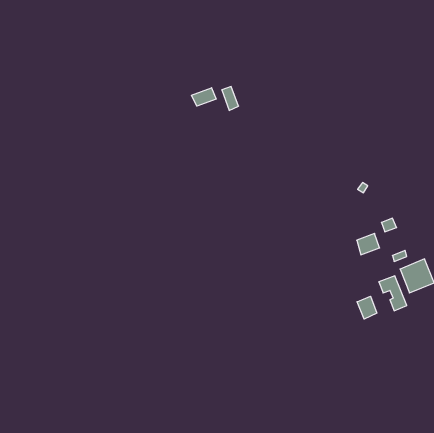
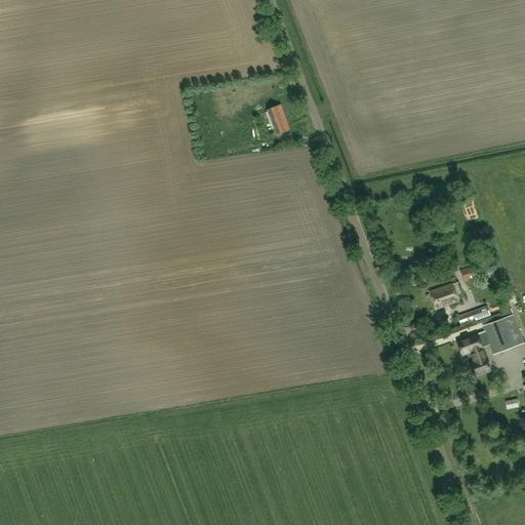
building: [192,88,216,106] -> none
building: [357,296,377,319] -> none

